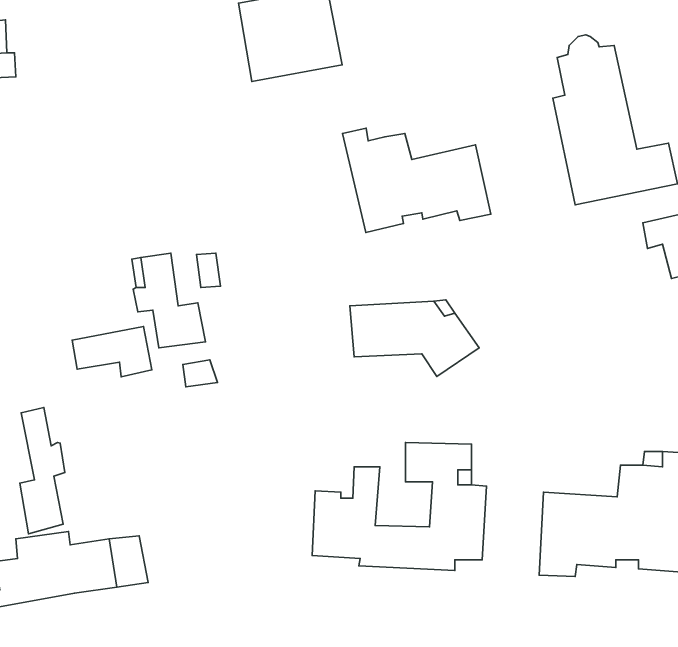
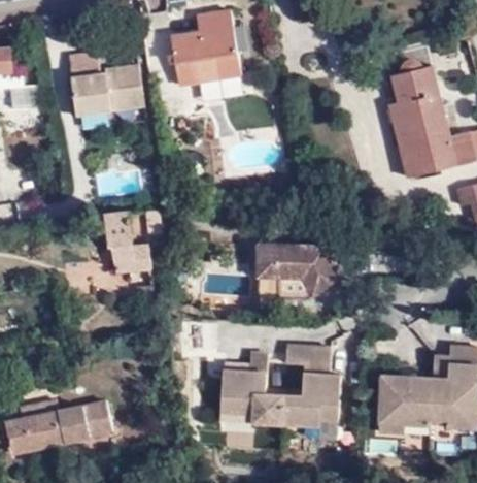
building: none -> [69,55,143,117]
building: [343,128,491,233] -> none
building: [72,327,152,377] -> none
building: [20,408,65,534] -> none

